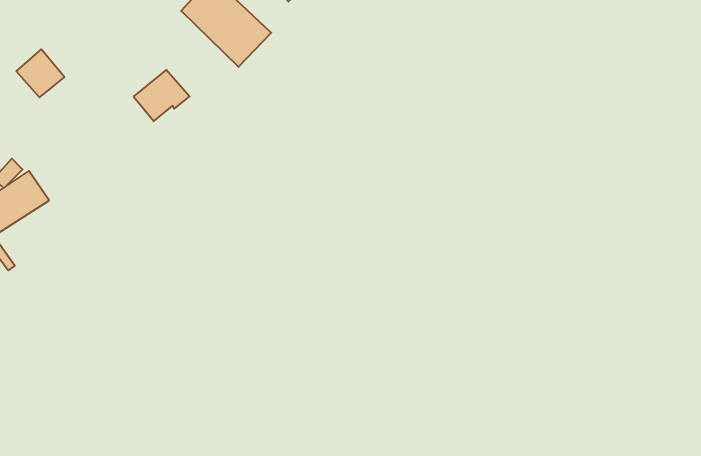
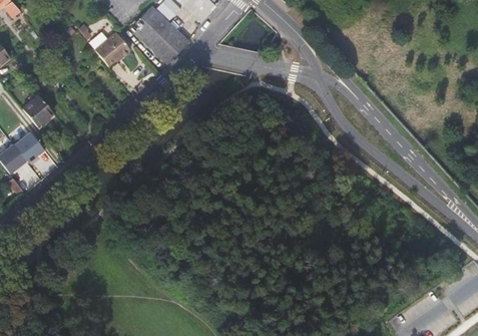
building: [16,49,64,97] -> [22,95,53,126]
building: [134,70,190,121] -> [94,33,130,66]

